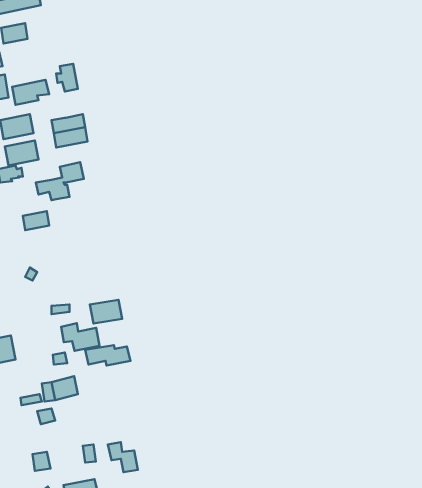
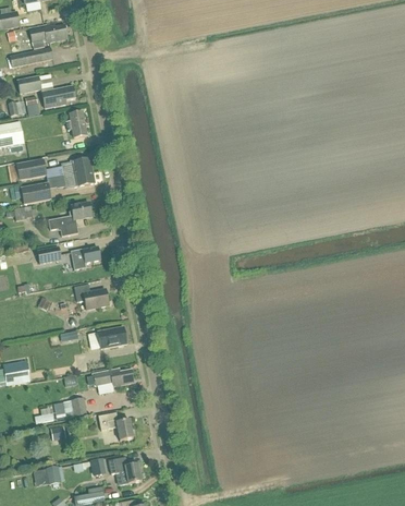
building: [12,80,49,105] -> [41,85,75,108]
building: none -> [71,245,100,269]
building: [61,323,100,351] -> [74,284,109,309]
building: none -> [98,411,133,439]

